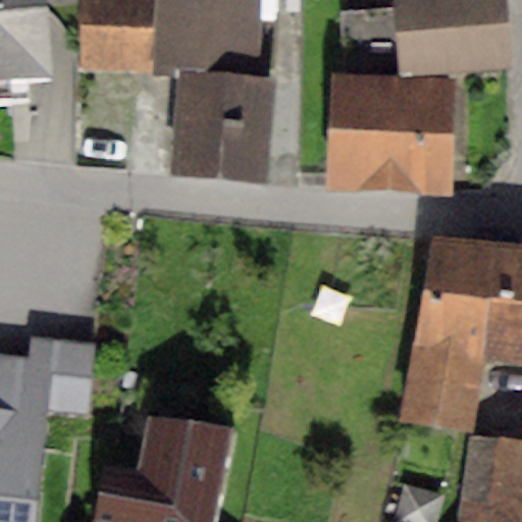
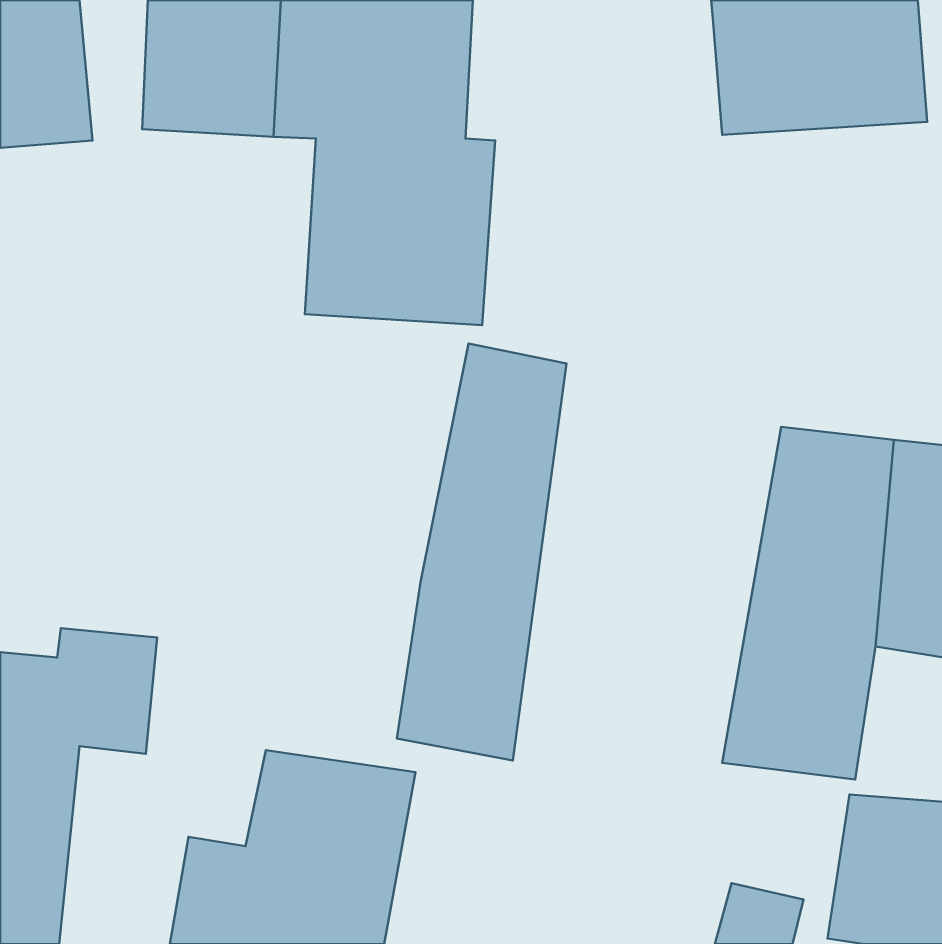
building: [325,10,455,194] -> none
building: none -> [397,343,567,760]

